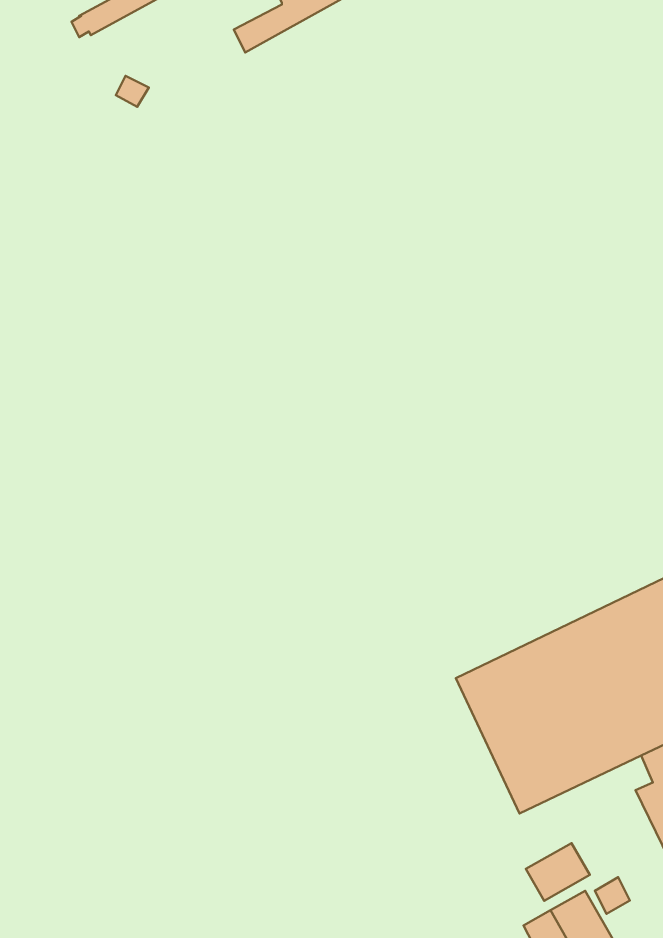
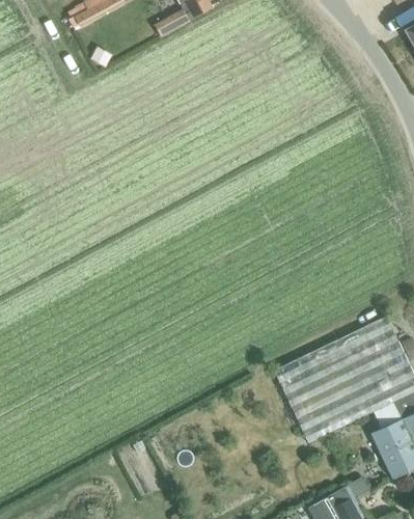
building: [526,843,590,901] -> none

